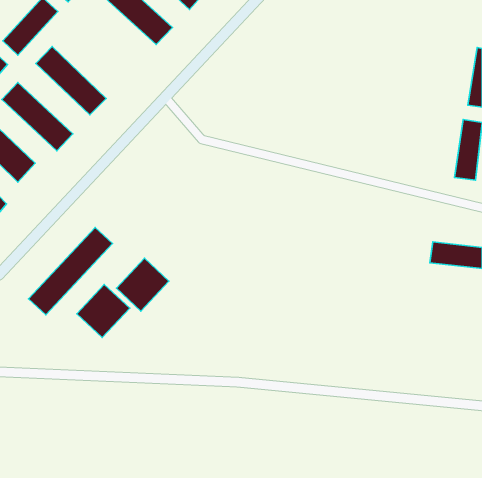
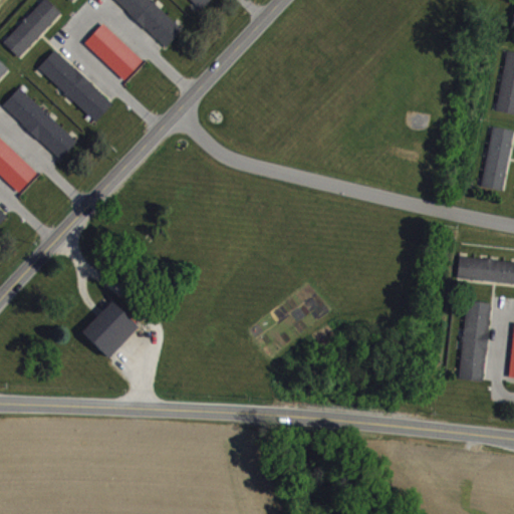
building: none -> [84,23,143,80]
building: [29,228,112,315] -> none
building: [116,258,169,311] -> none
building: none -> [458,300,491,381]

